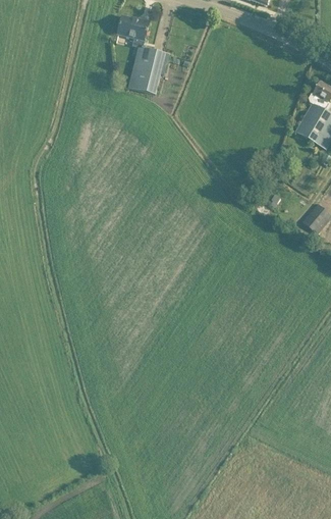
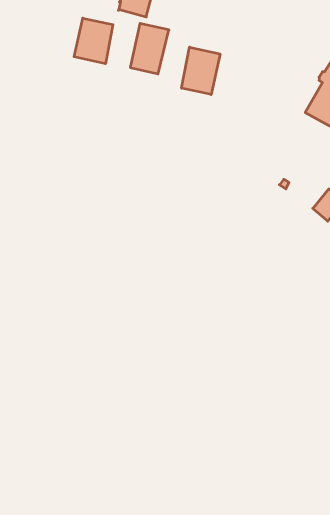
building: none -> [74,18,113,64]
building: none -> [182,47,220,95]

